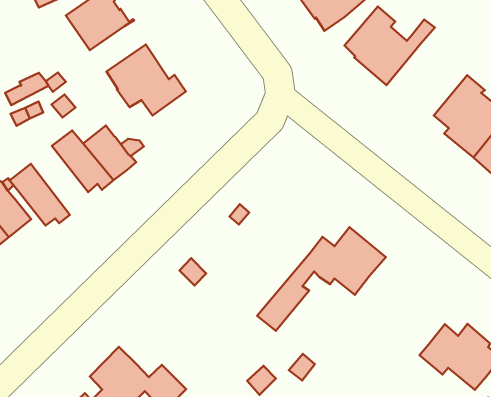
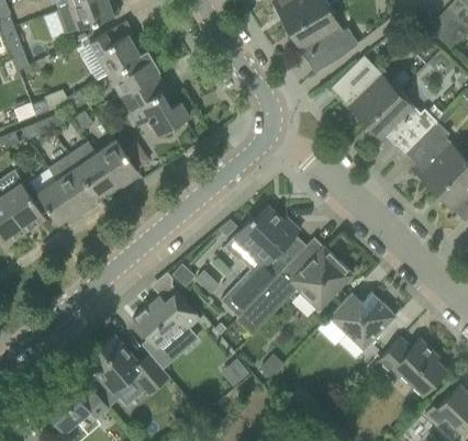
building: none -> [108,50,160,94]
building: none -> [365,90,436,154]
building: none -> [48,155,97,216]
building: none -> [220,205,297,316]
building: none -> [327,292,397,347]
building: none -> [132,291,200,369]

